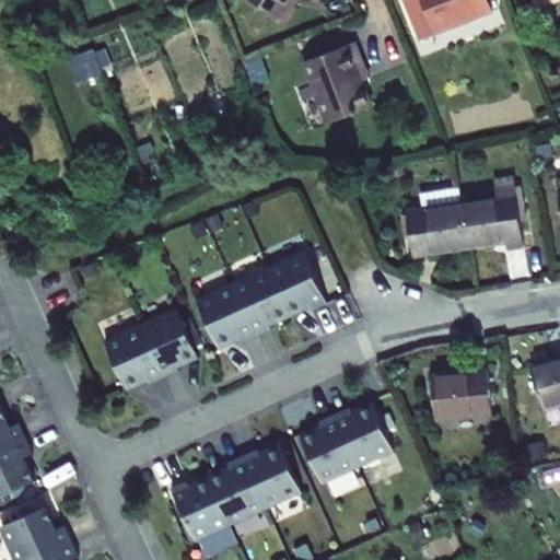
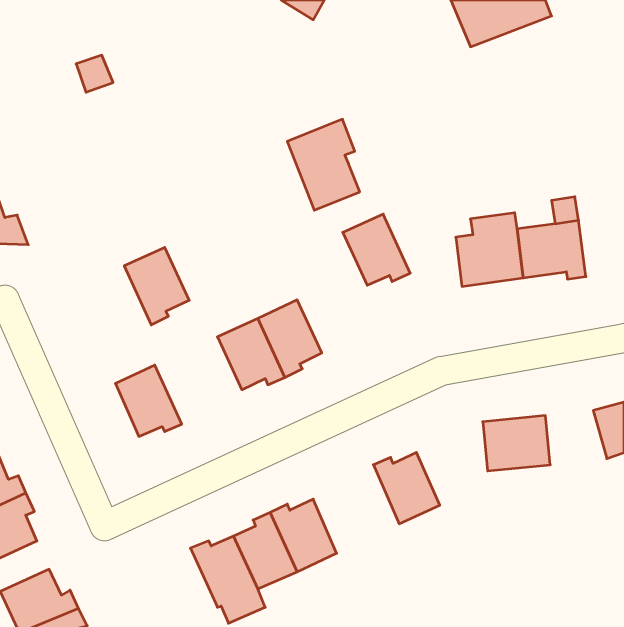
building: [303,43,368,124] -> [287,119,360,210]
building: [265,252,325,315] -> [343,214,410,285]
building: [138,310,196,378] -> [124,247,189,325]
building: [299,415,355,483] -> none

